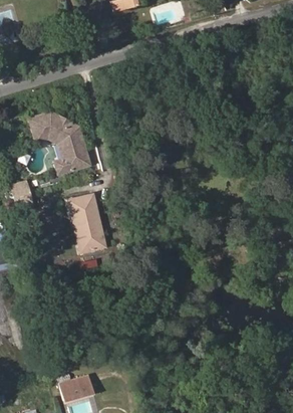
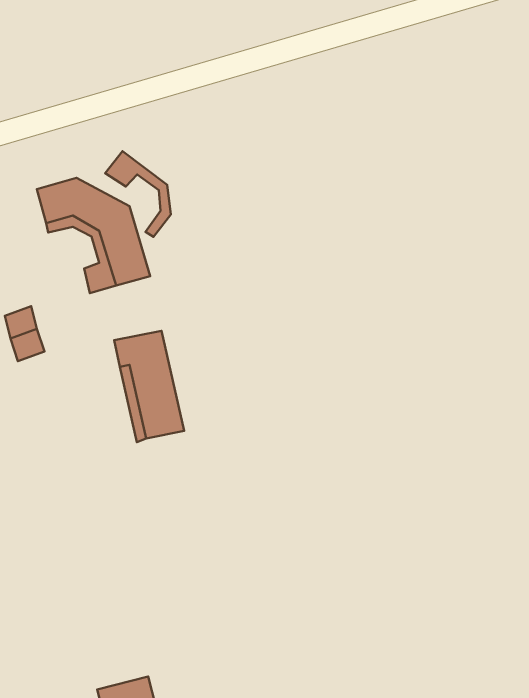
building: none -> [105,151,171,237]

